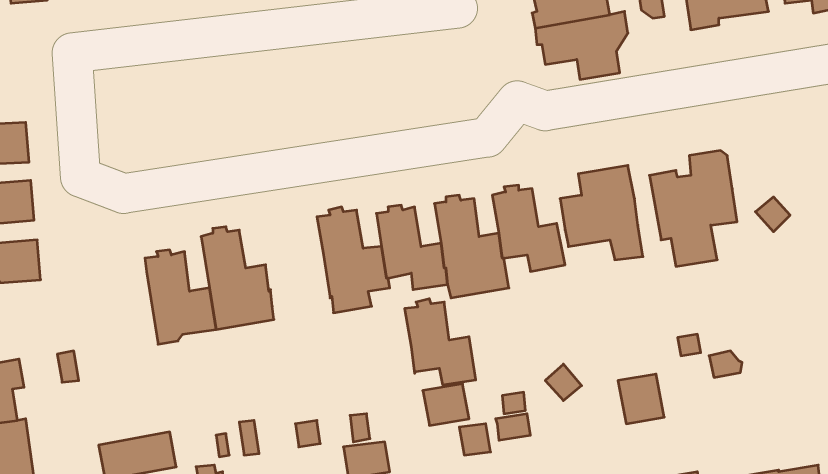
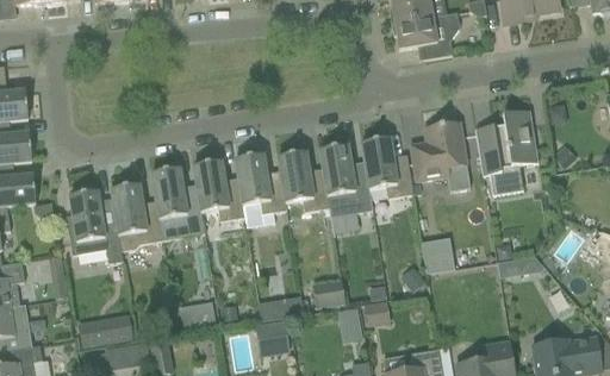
building: none -> [68,189,123,263]
building: [405,299,476,385] -> [193,158,244,220]
building: [618,374,664,424] -> [421,237,454,272]

